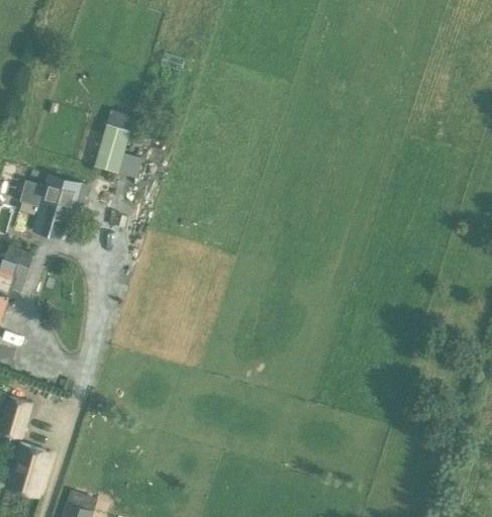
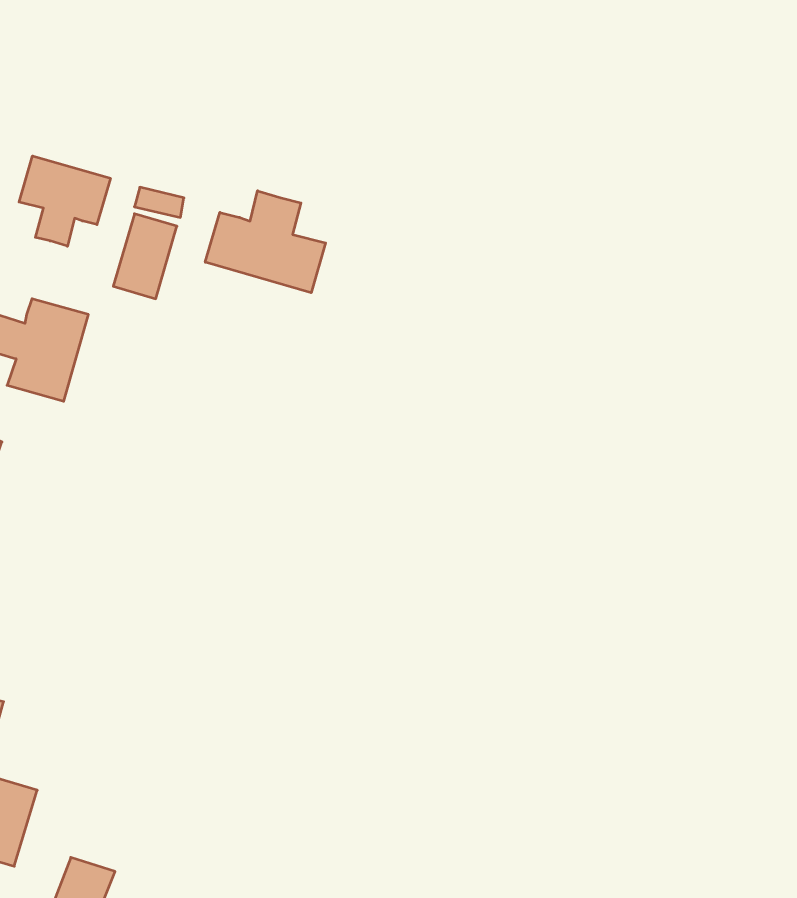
building: none -> [19,156,110,246]
building: none -> [205,191,326,293]

